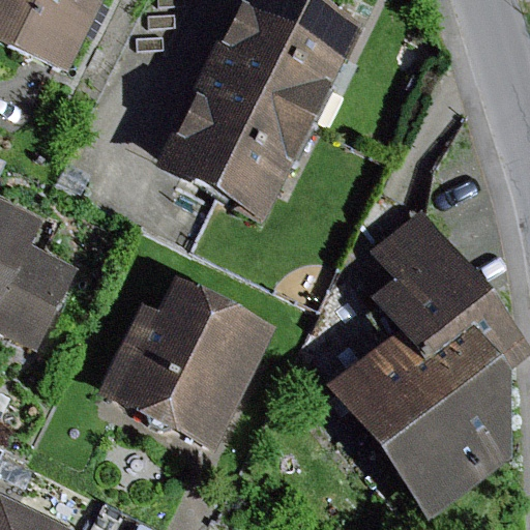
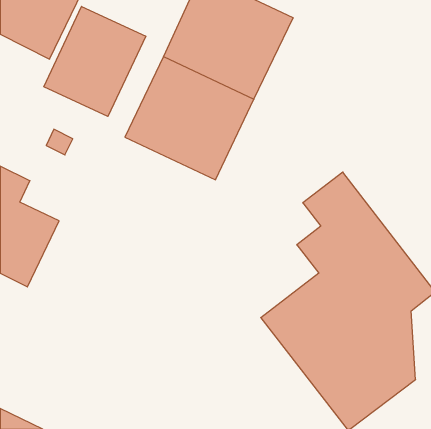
building: none -> [44,6,146,116]
building: [100,276,275,446] -> none

